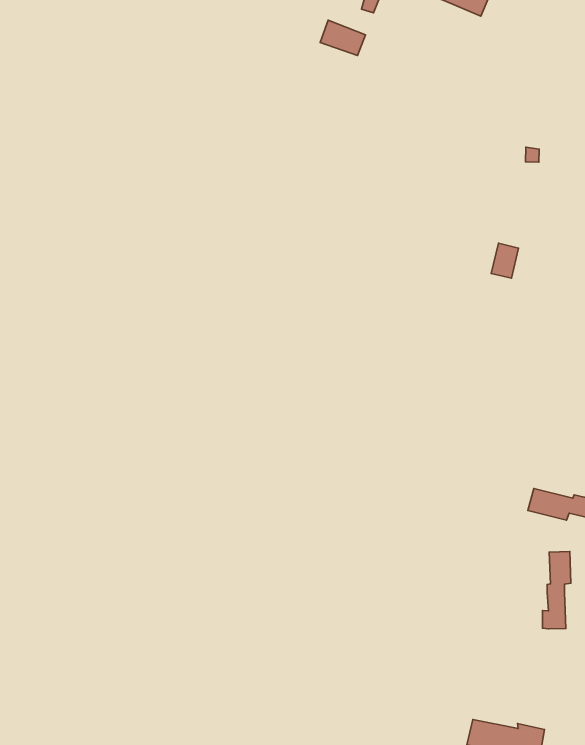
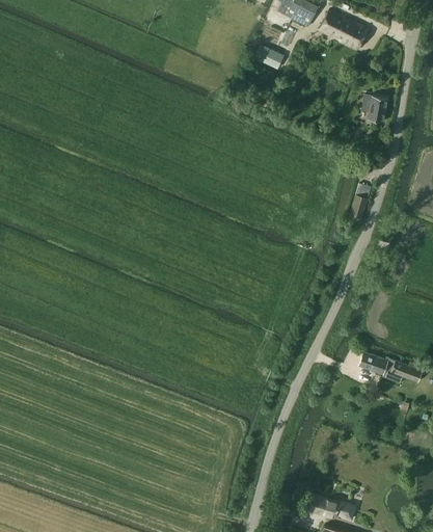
building: none -> [362,94,387,122]
building: [542,551,571,629] -> none

